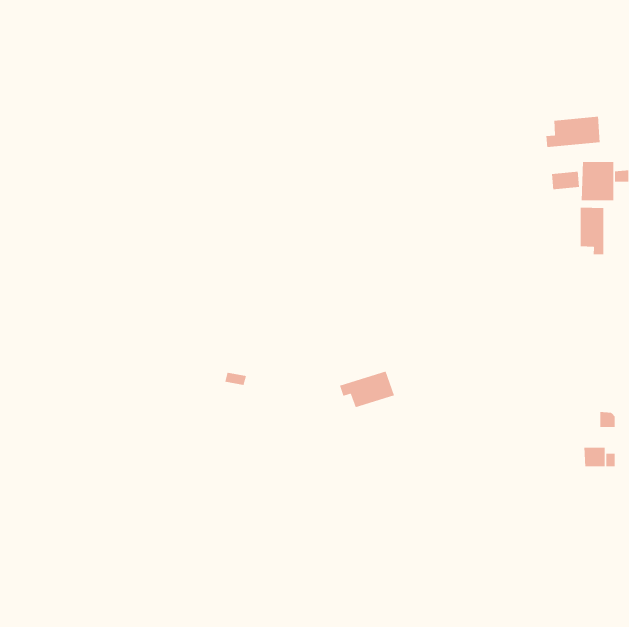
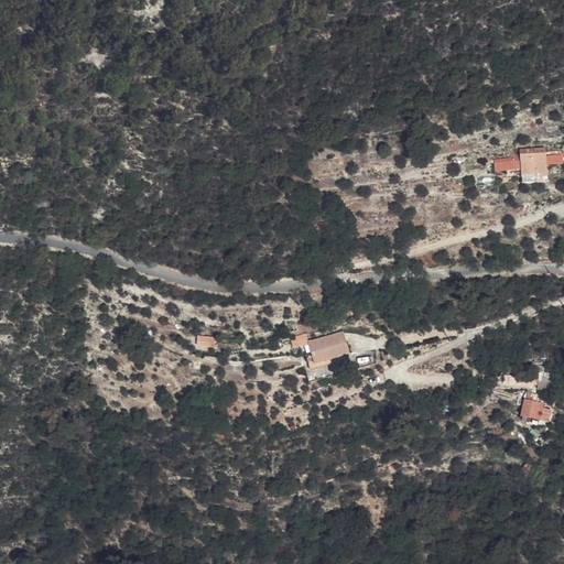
building: [546,116,600,148] -> none
building: [580,207,604,255] -> none

